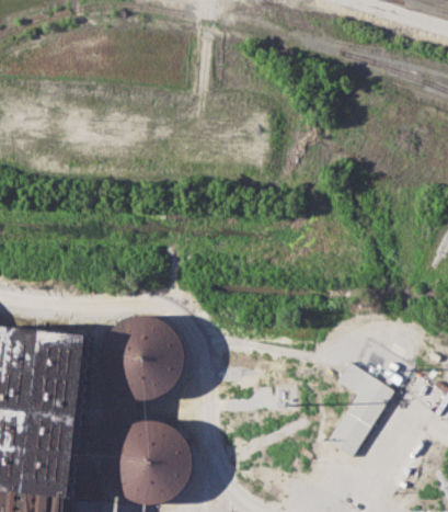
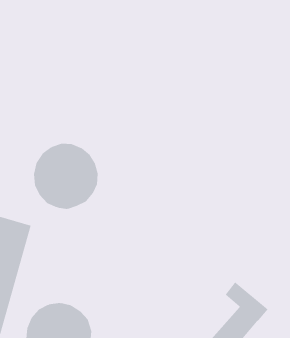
building: [102,318,182,398] -> [33,143,98,209]

